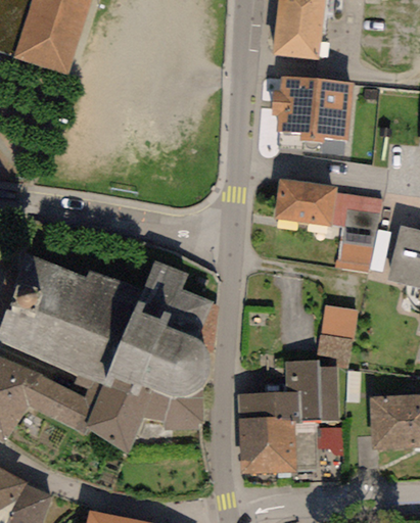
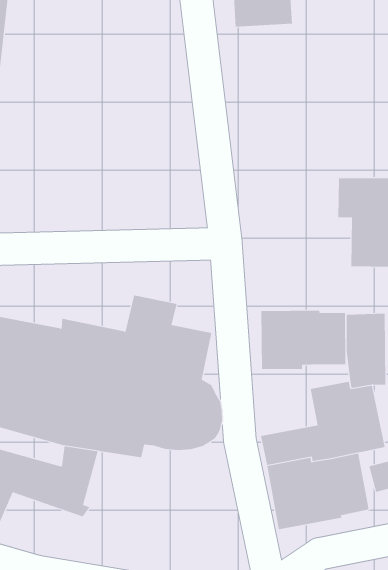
building: [271,76,354,142] -> none
building: [274,178,337,225] -> none
building: none -> [261,310,346,370]
building: [84,384,203,454] -> none

